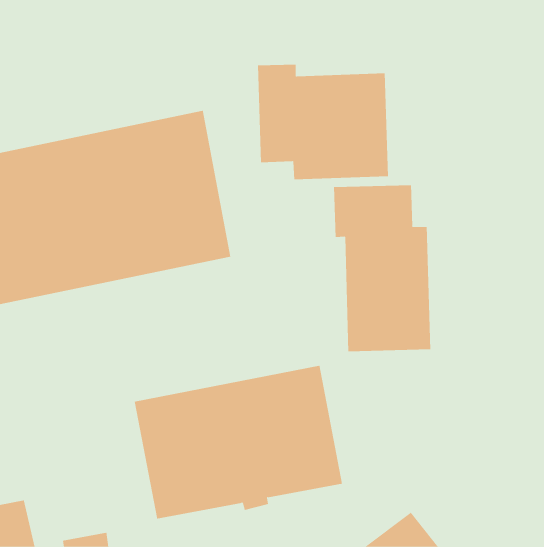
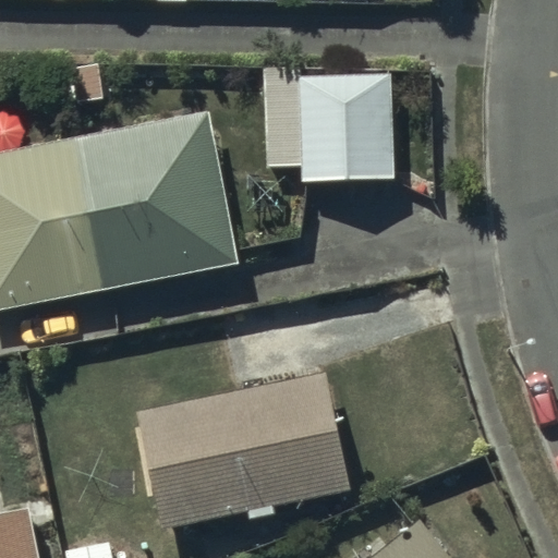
building: [334,185,431,352] -> none

